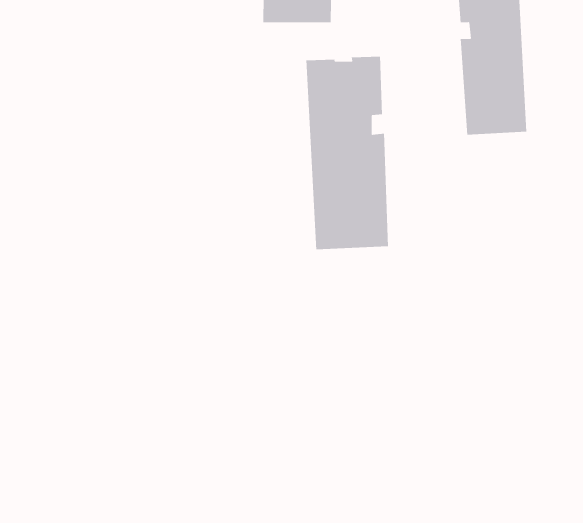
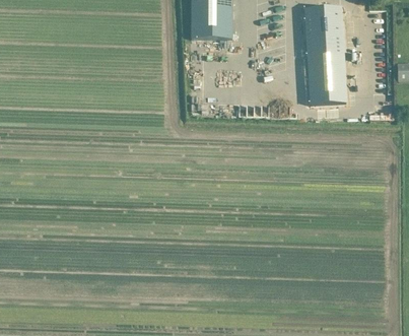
building: [306,56,389,250] -> none

